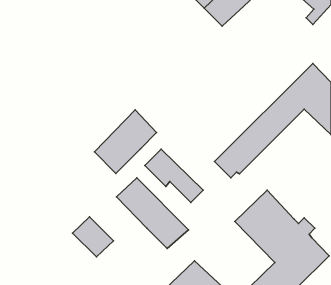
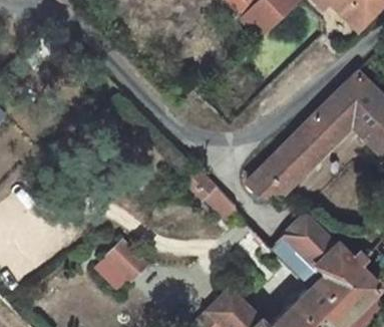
building: [94,110,157,174] -> none
building: [117,178,189,248] -> none

